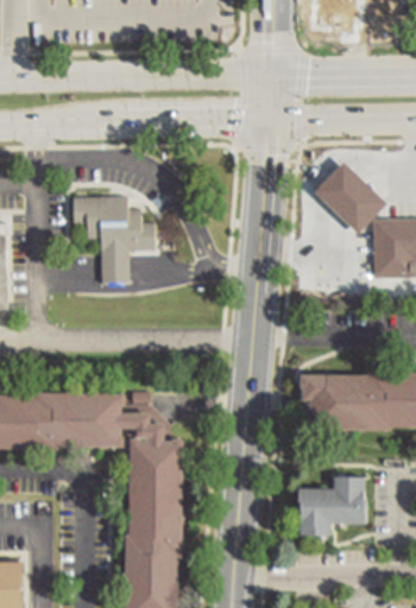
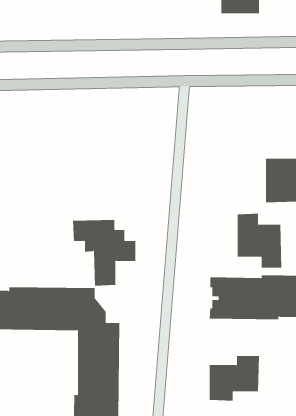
building: [314,163,387,235] -> none
building: [73,197,156,284] -> [72,219,136,286]
building: none -> [237,213,282,269]

